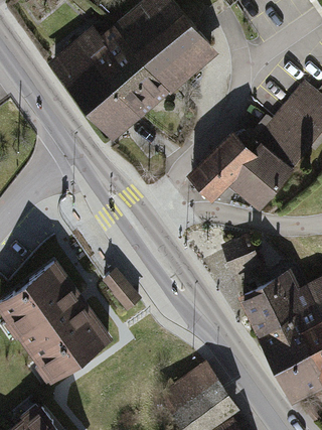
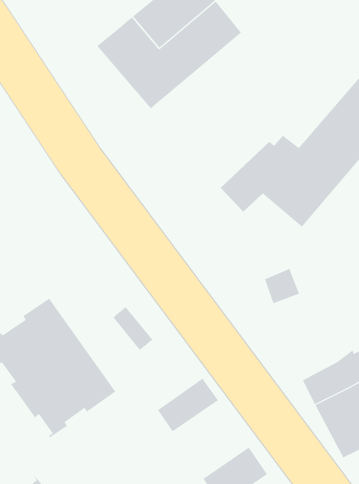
building: [54,31,137,132] -> none
building: [244,274,302,332] -> none
building: [167,369,217,413] -> [157,378,219,432]

